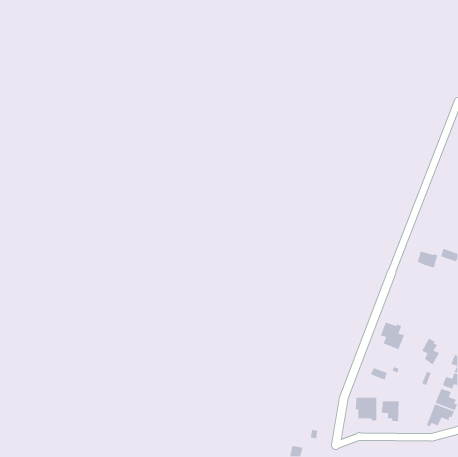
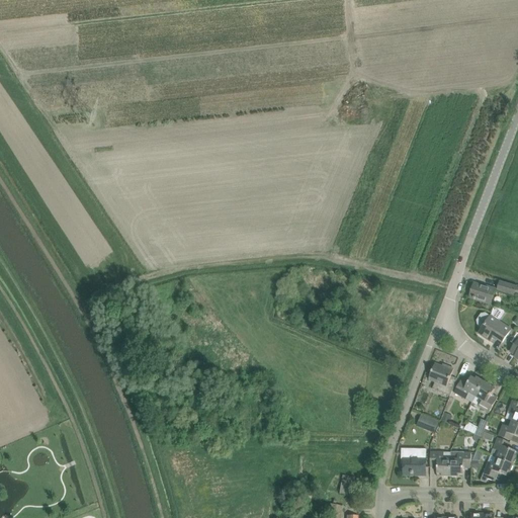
building: none -> [477,313,510,341]
building: none -> [453,375,483,398]
building: none -> [449,451,470,476]

